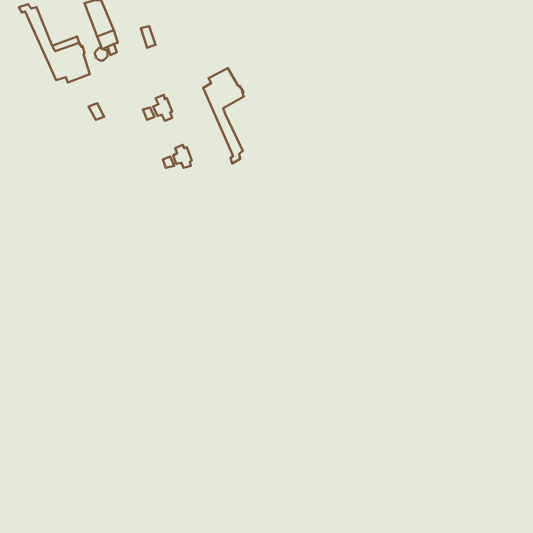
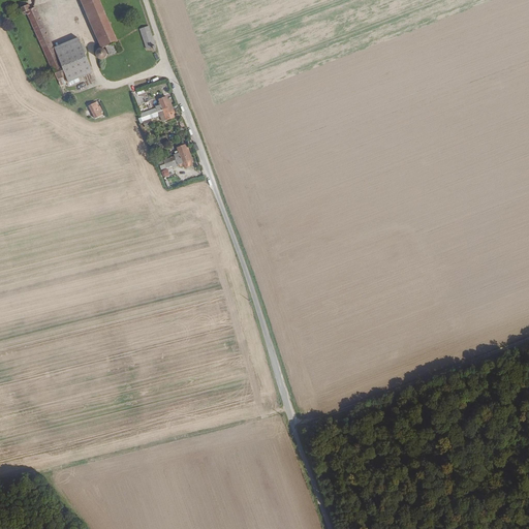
building: [203,68,244,164] -> none

